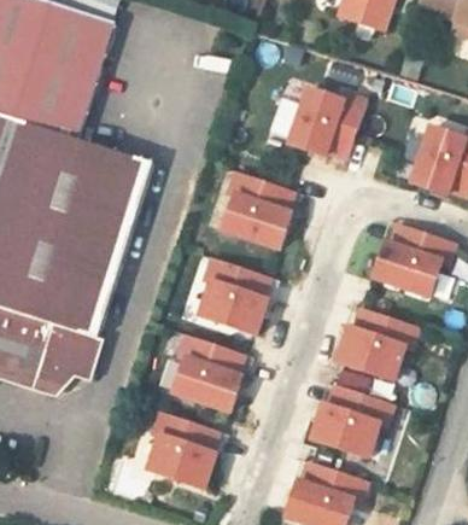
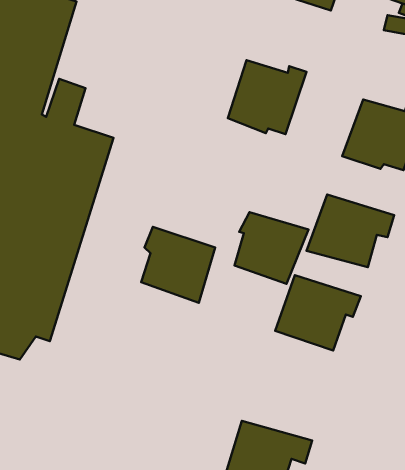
building: [218,171,296,246] -> [235,212,309,284]
building: [169,332,245,412] -> none
building: [304,381,394,473] -> none
building: [140,408,221,489] -> none

